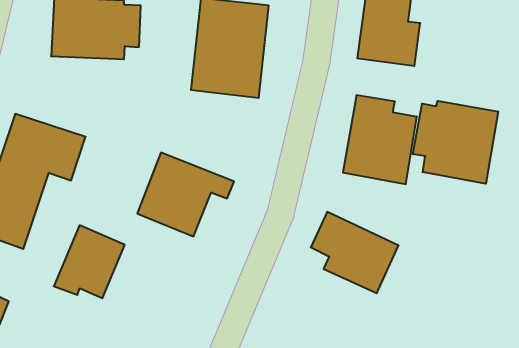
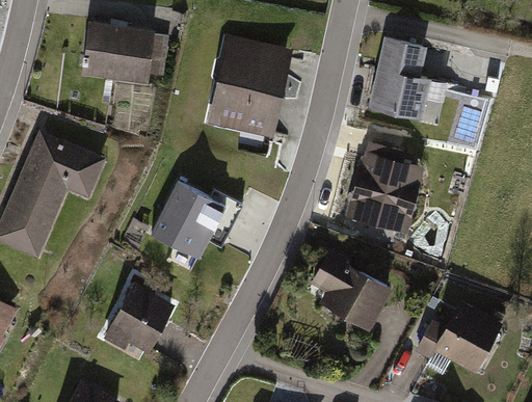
building: [413,101,498,184] -> none
building: [54,225,125,298] -> [103,284,175,355]
building: none -> [415,303,501,375]

